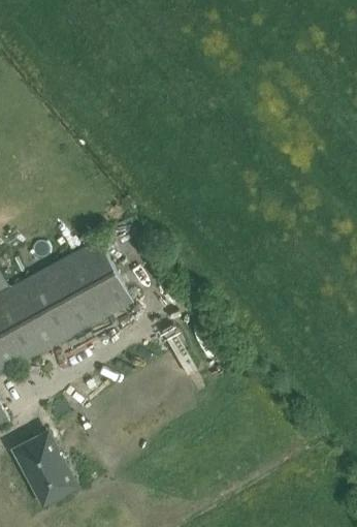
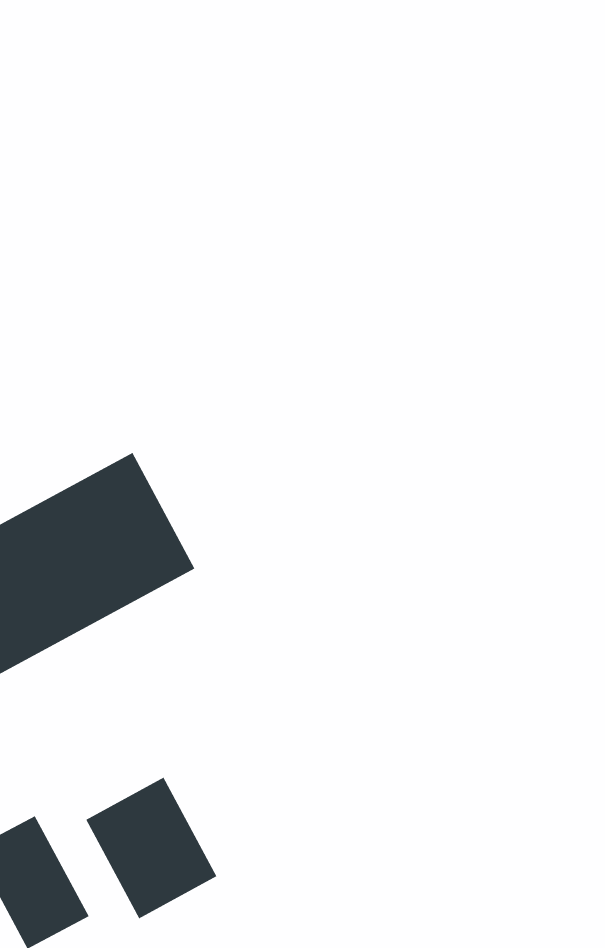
building: none -> [85,777,218,919]

